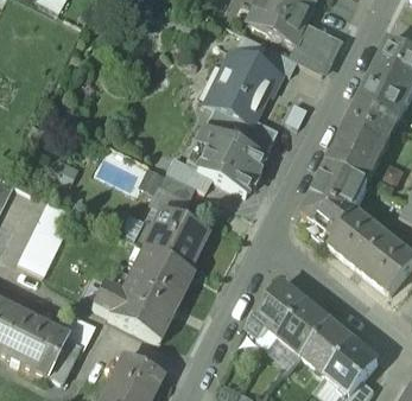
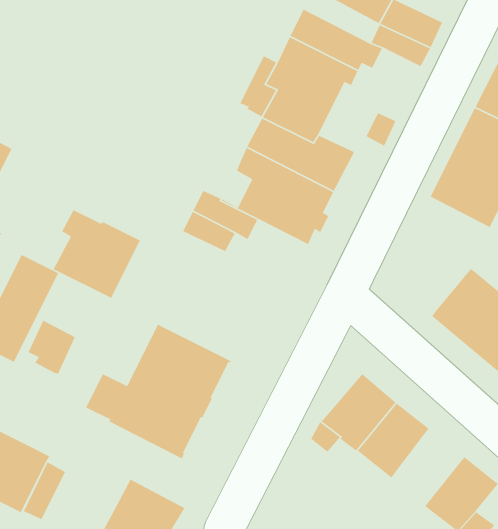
building: [302,160,369,237] -> none
building: [145,208,205,269] -> [53,209,141,299]
building: [61,312,94,350] -> [27,320,76,375]
building: [302,319,351,373] -> none

